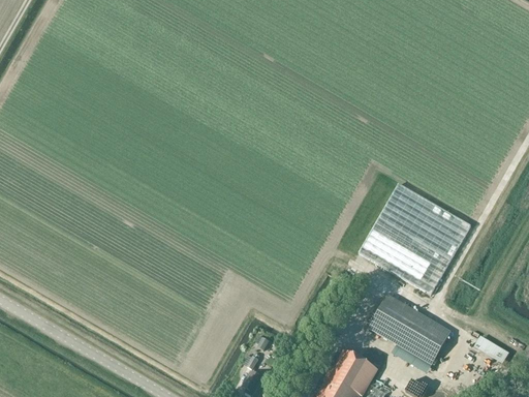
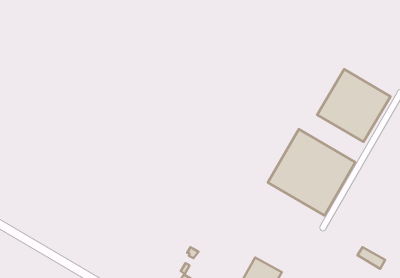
building: none -> [317,69,390,142]
building: [368,293,450,364] -> none

